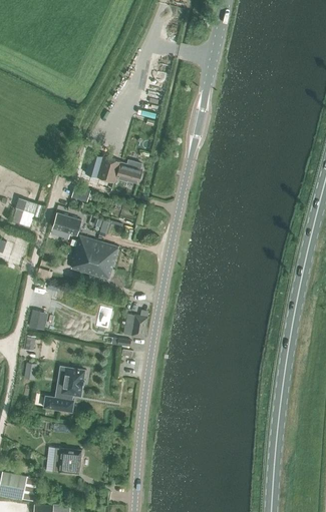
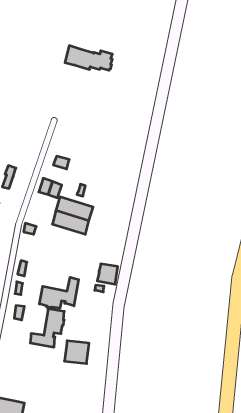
building: [86,153,142,182] -> [65,46,112,70]
building: none -> [39,277,79,308]
building: [53,447,82,474] -> [64,341,89,364]

